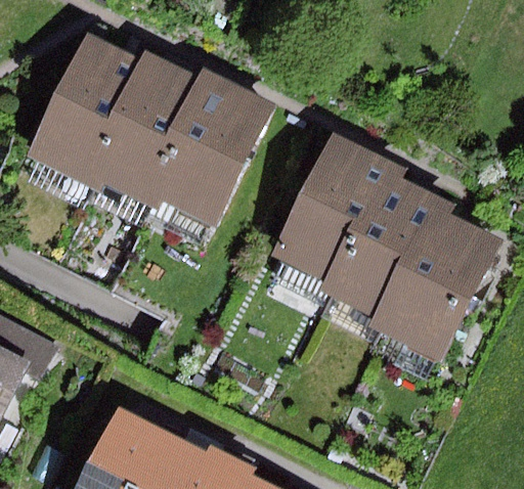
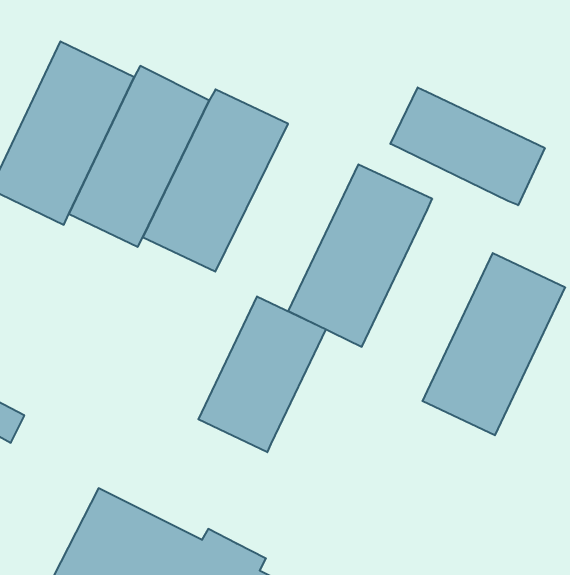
building: none -> [390,87,545,205]
building: [331,175,447,325] -> none
building: none -> [198,296,326,452]

